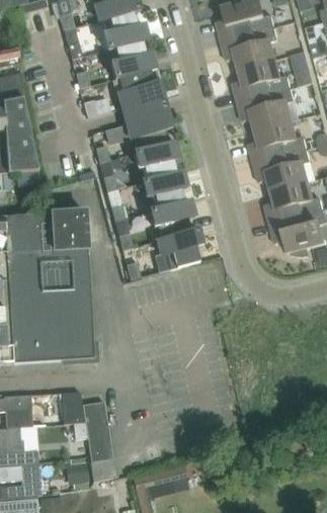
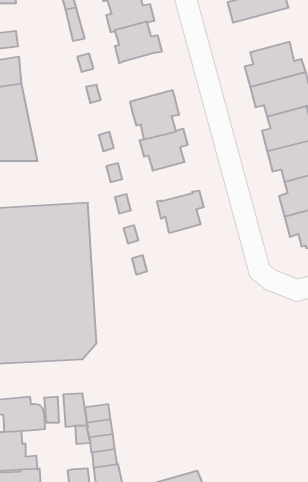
building: [222,27,277,70] -> none
building: [118,70,165,116] -> none
building: [142,171,186,210] -> none
building: [157,230,202,269] -> none

